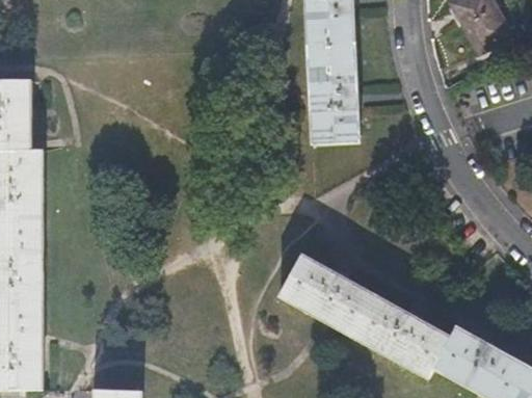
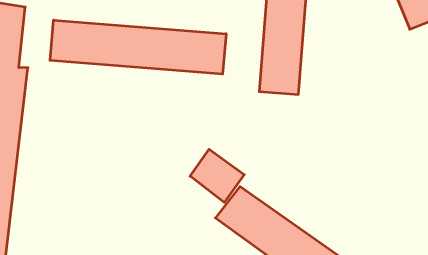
building: none -> [50,20,226,74]
building: none -> [190,149,244,202]

